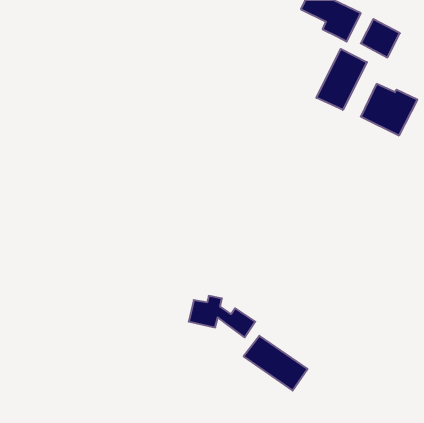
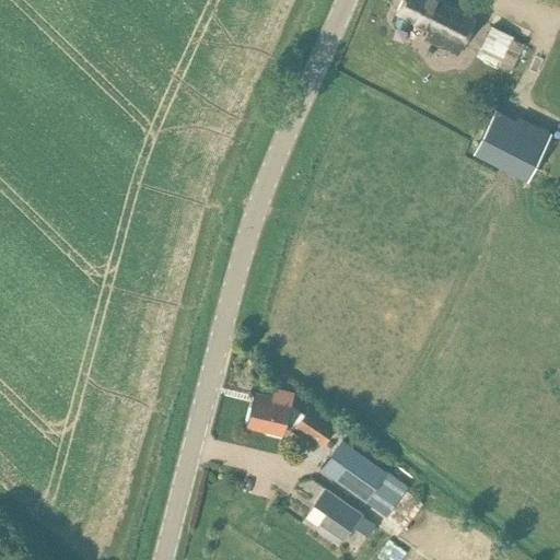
building: [316,49,367,110] -> none
building: none -> [314,489,364,542]

